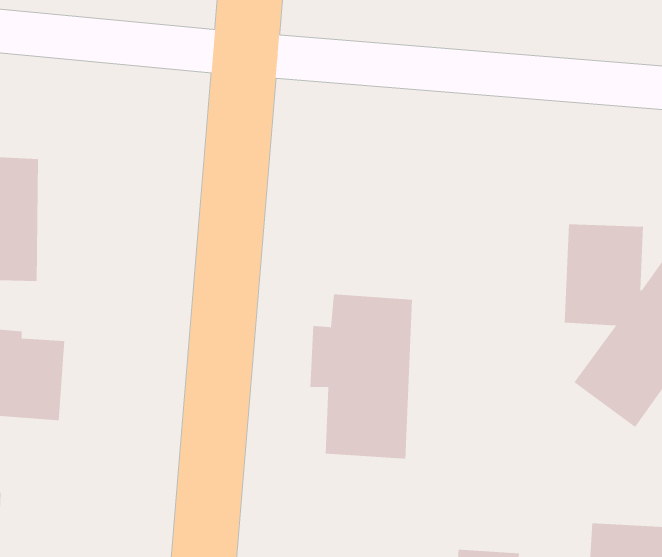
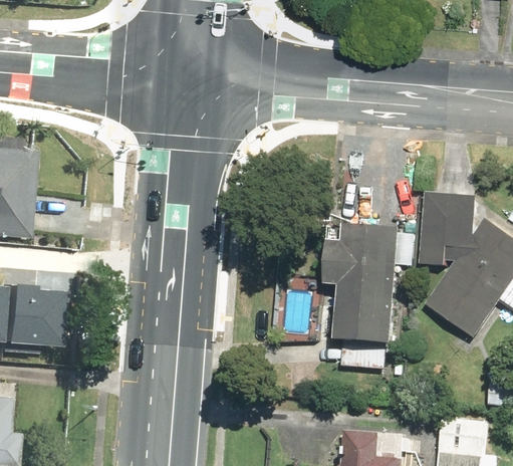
building: [310,294,413,459] -> [322,229,398,350]

